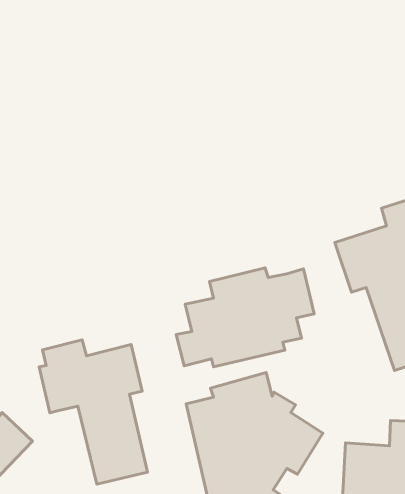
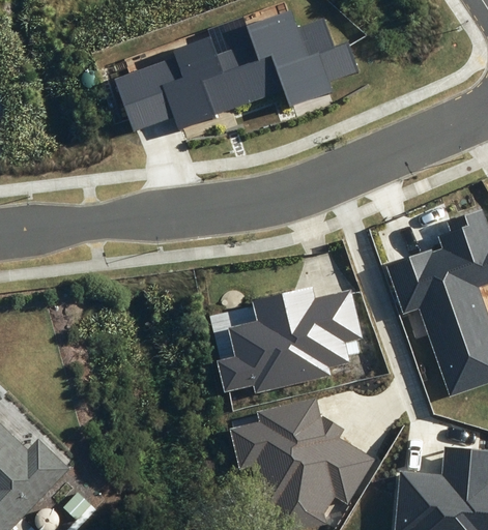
building: none -> [116,11,362,132]
building: [39,340,148,484] -> none

